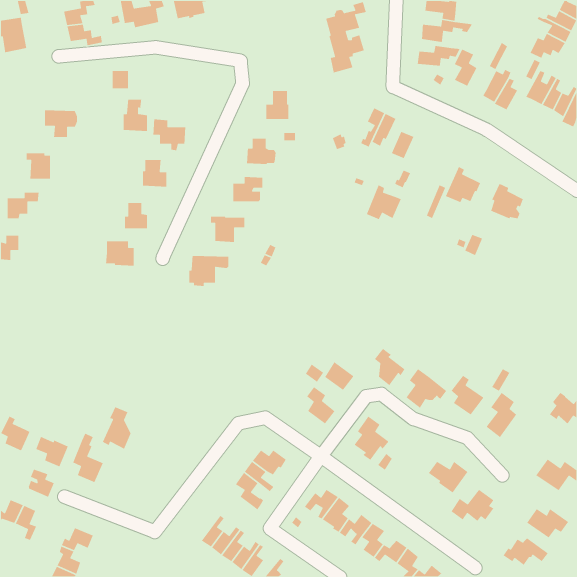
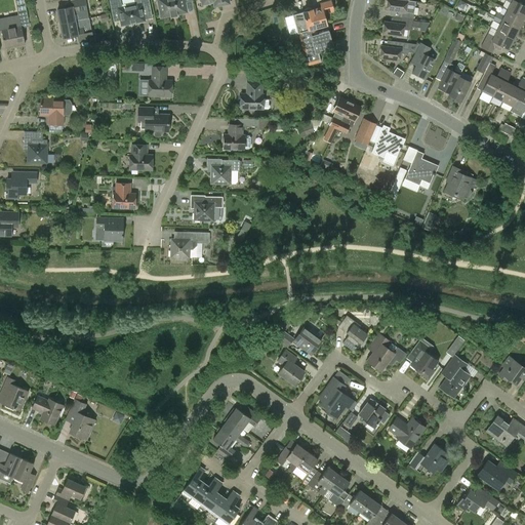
building: [123,99,148,132] -> [150,69,172,98]
building: [366,184,402,220] -> [371,125,404,158]
building: [102,406,132,450] -> none
building: none -> [359,398,388,429]
building: [28,469,55,498] -> none

